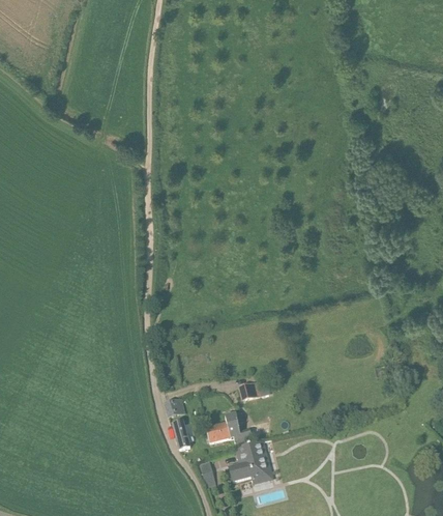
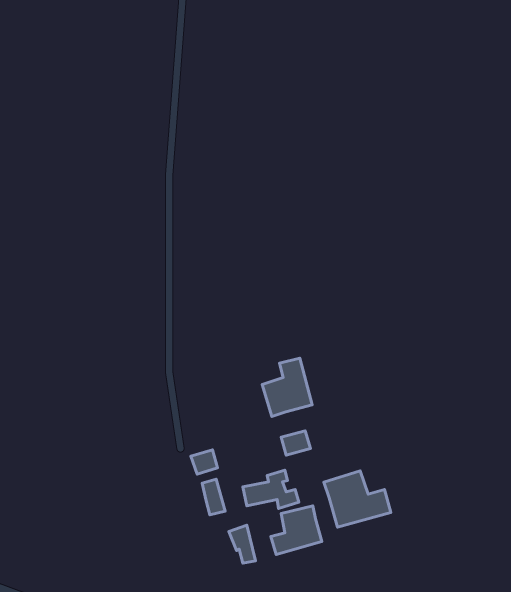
building: none -> [262,358,312,417]
building: none -> [324,471,391,527]

